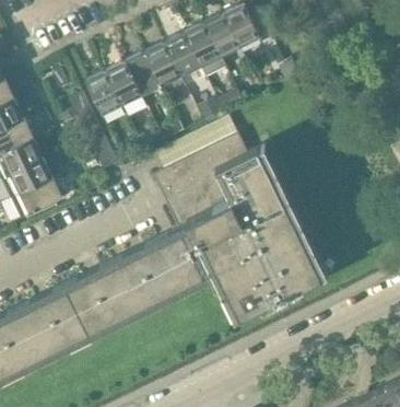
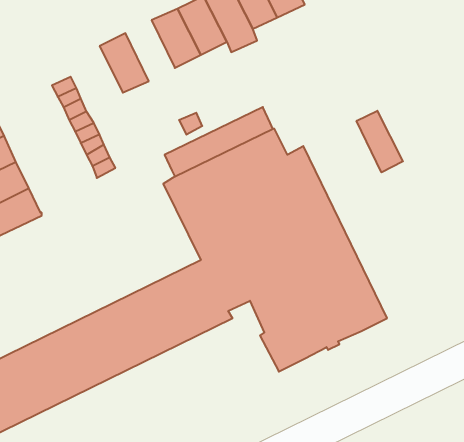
building: [126,51,163,97] -> none
building: [85,71,123,116] -> none
building: none -> [357,111,403,172]

